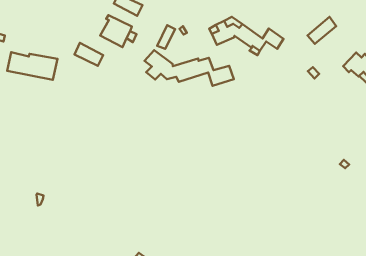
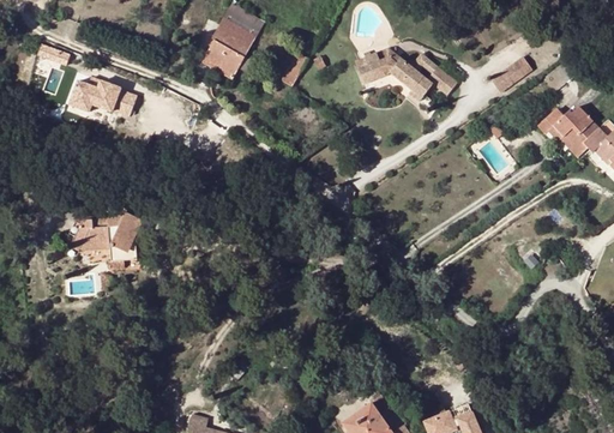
building: [75,43,103,66] -> [216,18,255,52]
building: [145,50,234,86] -> none
building: none -> [71,212,143,258]

